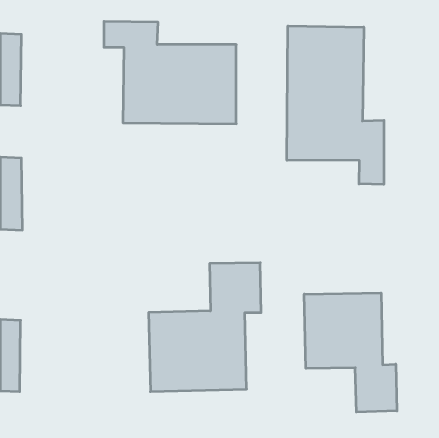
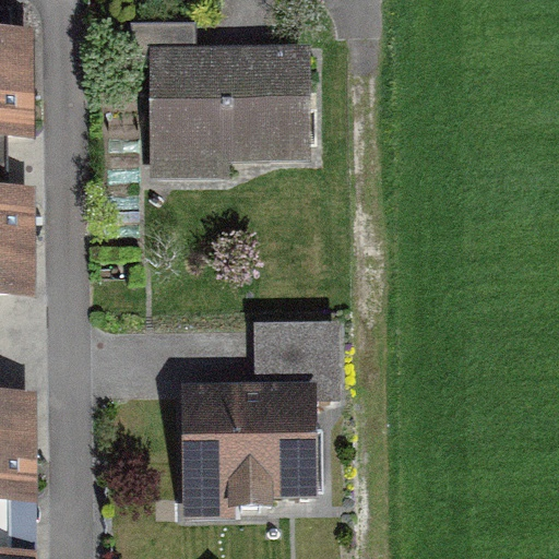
building: [287,26,384,184] -> none
building: [304,293,397,412] -> none

